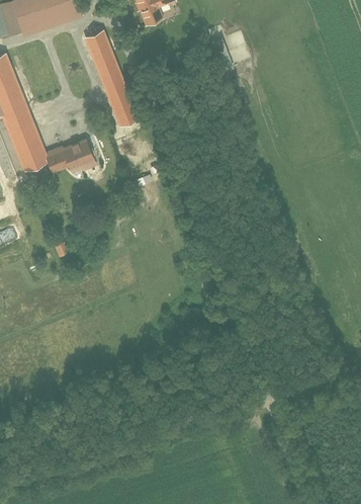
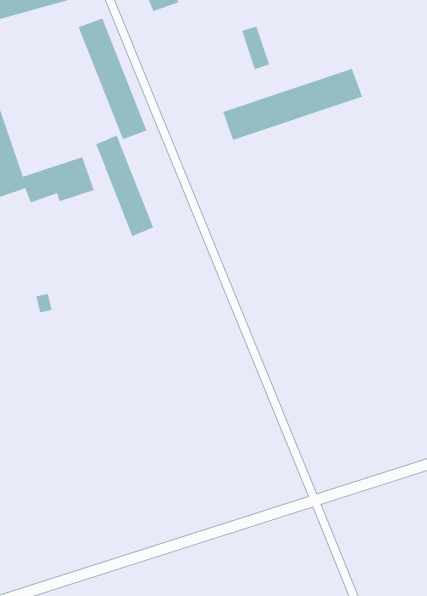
building: none -> [222,68,363,141]
building: none -> [95,135,154,237]

